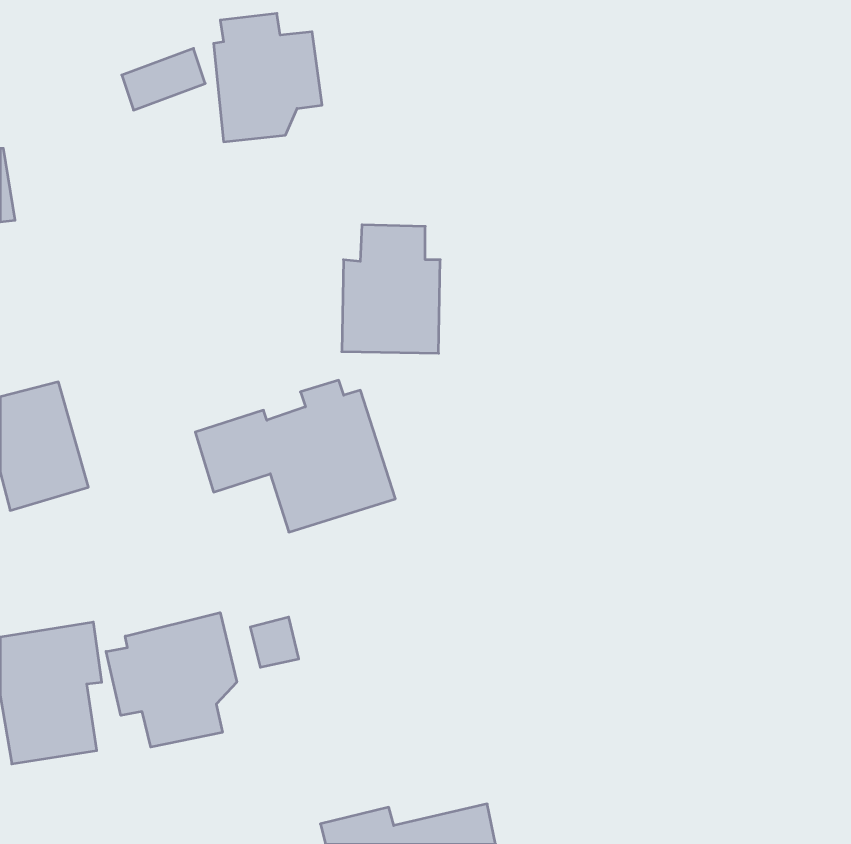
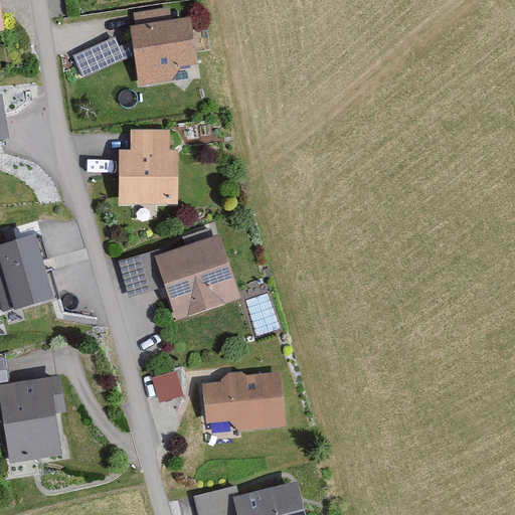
building: [342,225,440,353] -> [118,129,177,206]
building: [106,613,237,747] -> none
building: none -> [202,373,284,433]

